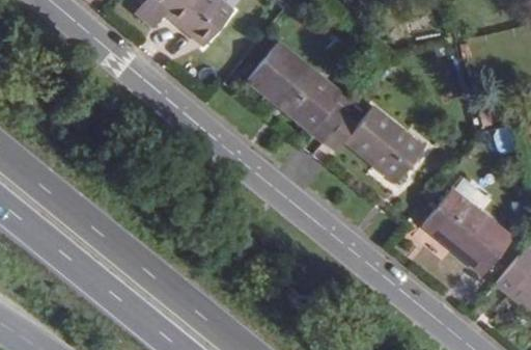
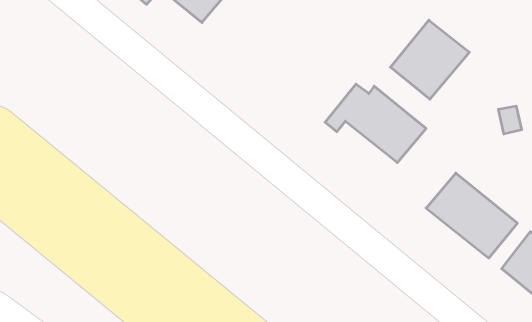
building: none -> [390,20,469,99]
building: [248,43,355,141] -> none

